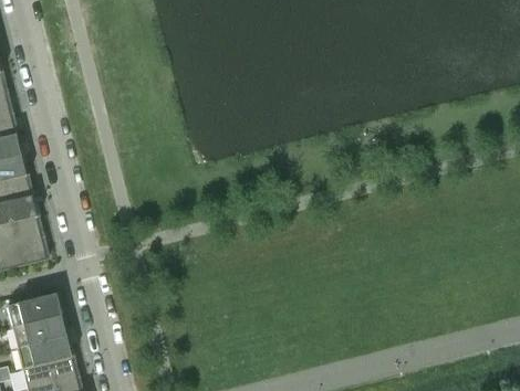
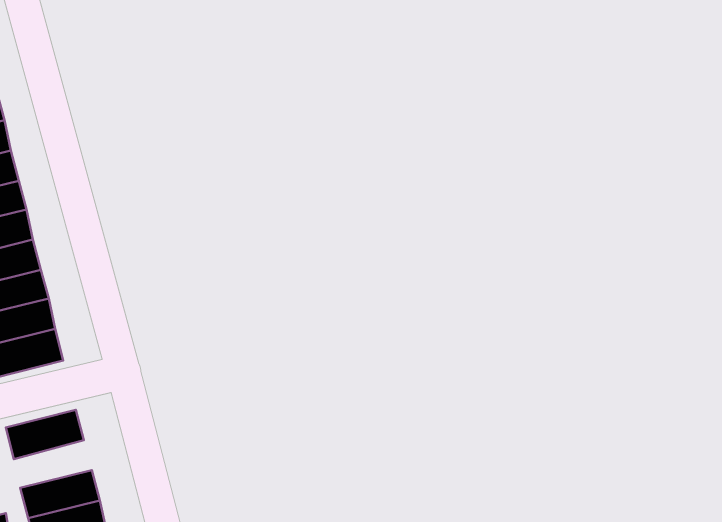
building: [12,314,66,347] -> none

